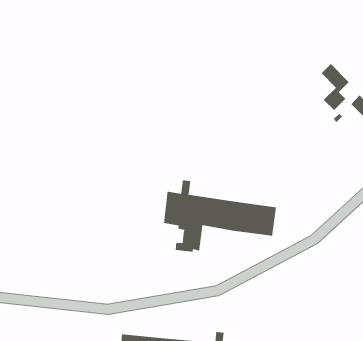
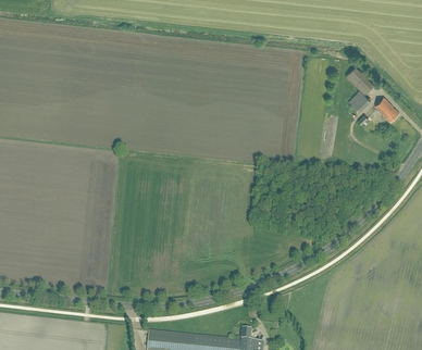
building: [164,180,276,253] -> none

